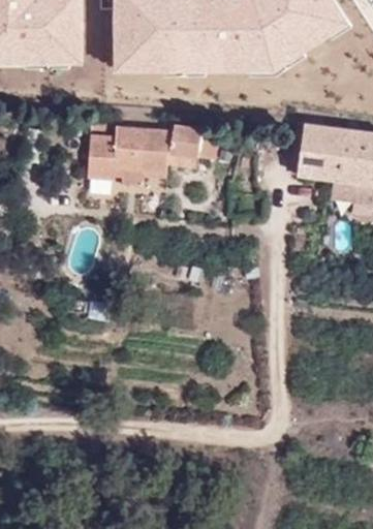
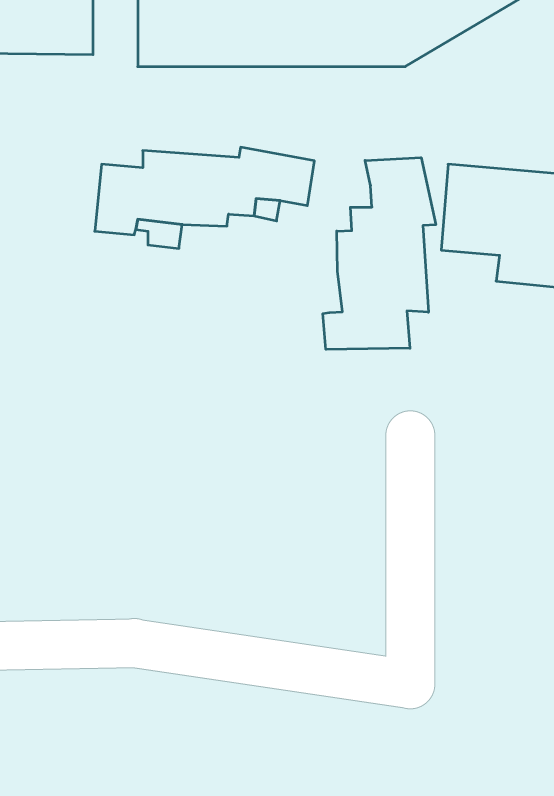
building: none -> [323,158,436,349]

